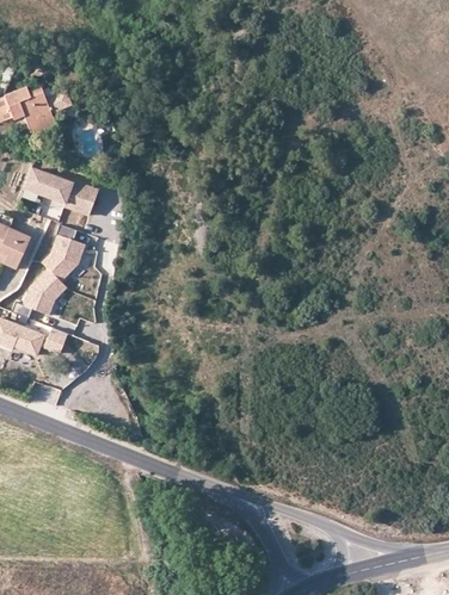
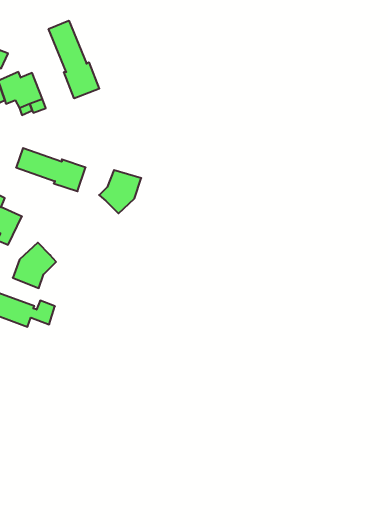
building: none -> [49,21,99,98]
building: [39,234,84,279] -> [99,170,141,213]

